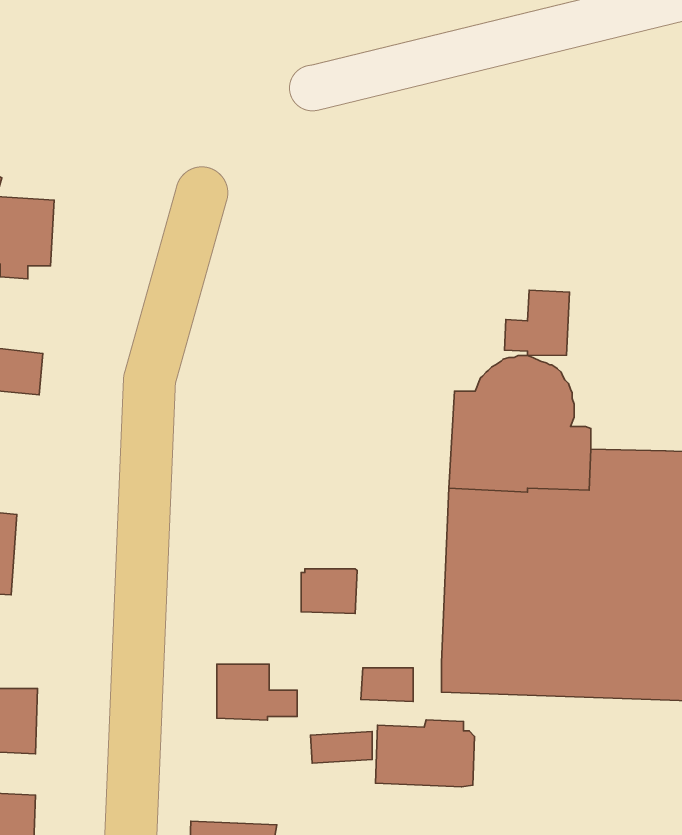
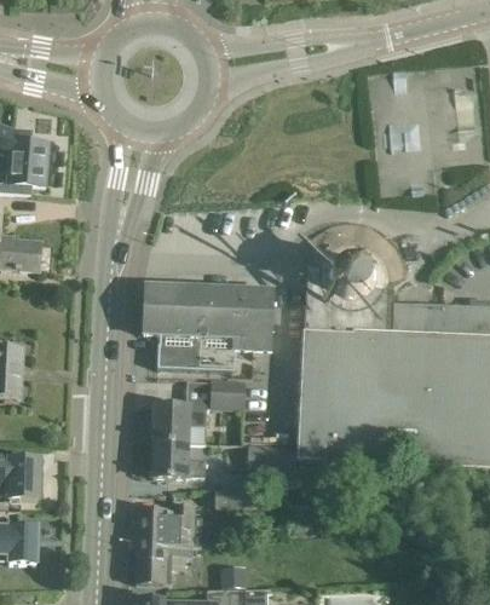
building: [504,290,570,355] -> none
building: none -> [143,283,272,369]
building: none -> [152,404,207,442]
building: [376,720,475,787] -> [137,502,201,546]

